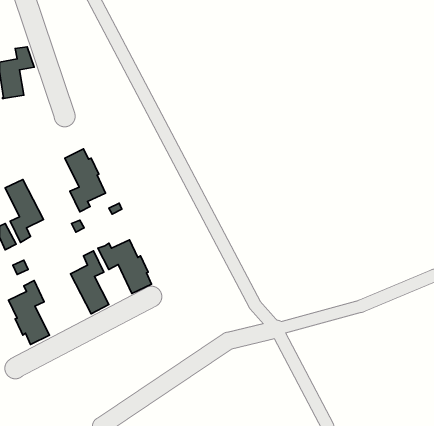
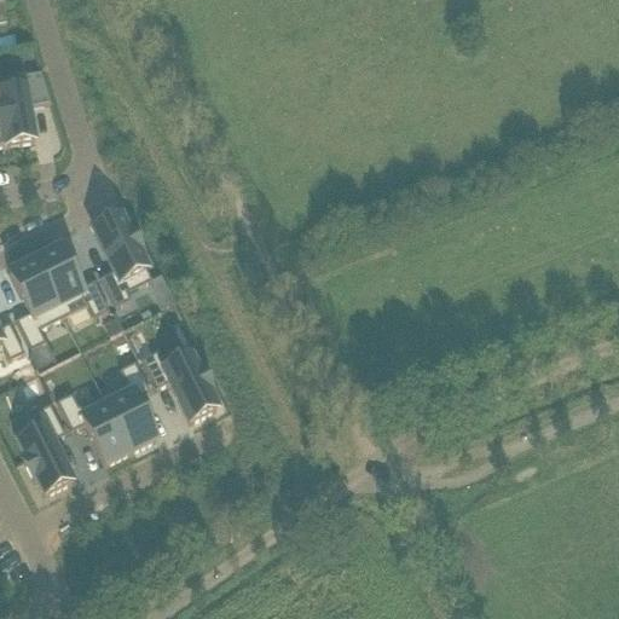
building: none -> [33,242,106,312]
building: none -> [54,388,129,459]

